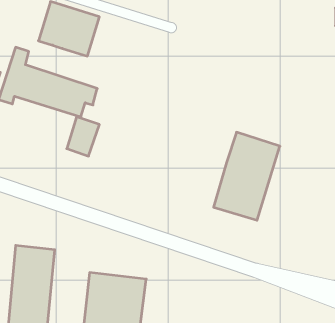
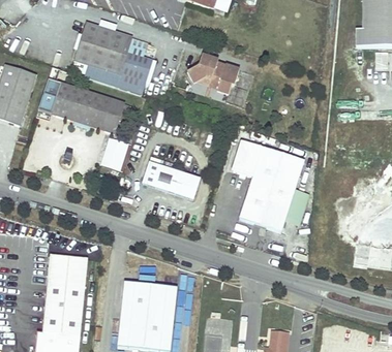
building: none -> [83,36,151,93]
building: none -> [187,53,238,92]
building: none -> [233,140,262,174]
building: none -> [142,155,199,197]

